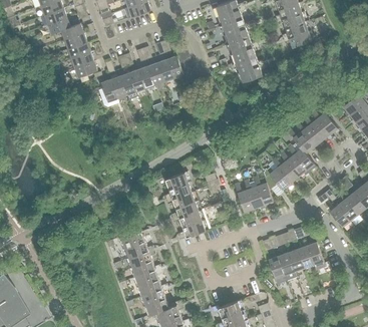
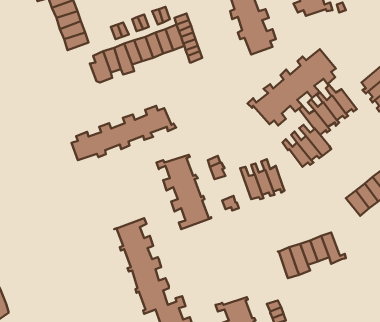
building: none -> [248,49,336,126]
building: none -> [71,106,176,160]
building: [263,164,292,191] -> none

